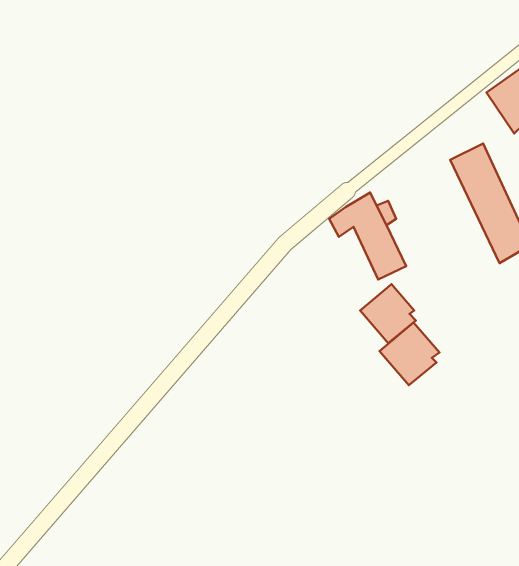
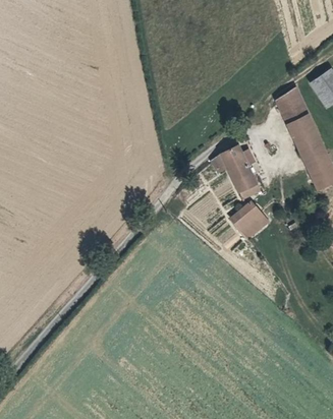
building: none -> [277,86,308,124]
building: [380,322,440,385] -> none

